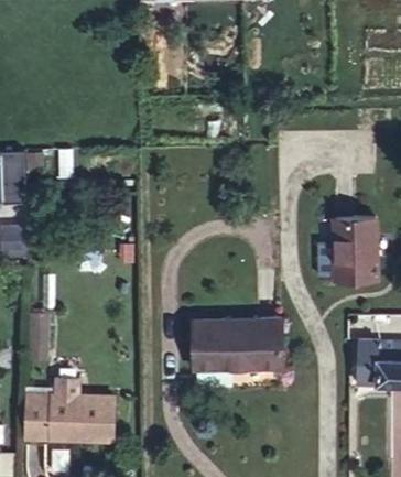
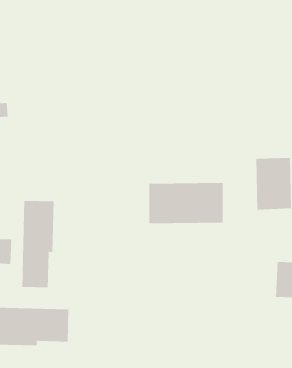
building: none -> [21,200,55,288]
building: [193,319,281,369] -> [149,182,223,224]

